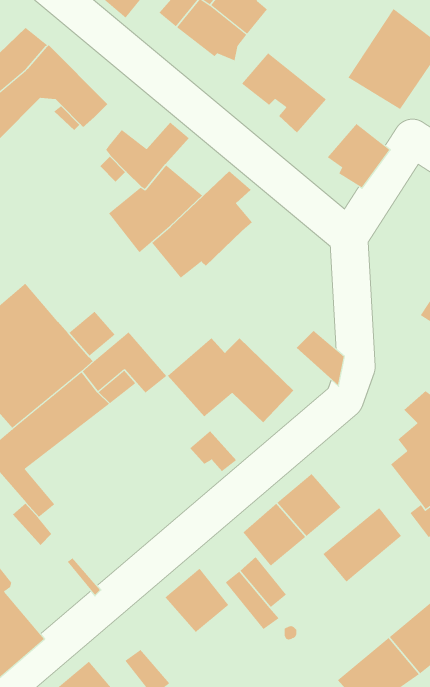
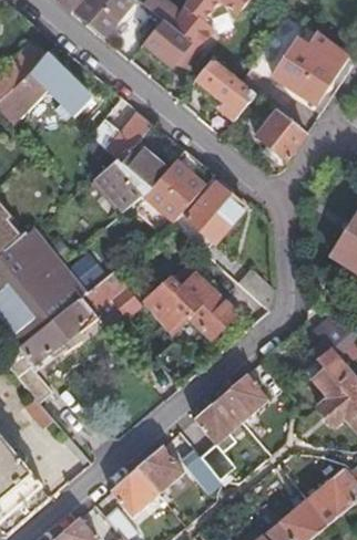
building: none -> [167,180,244,248]
building: [322,507,402,583] -> none
building: none -> [111,467,160,516]

